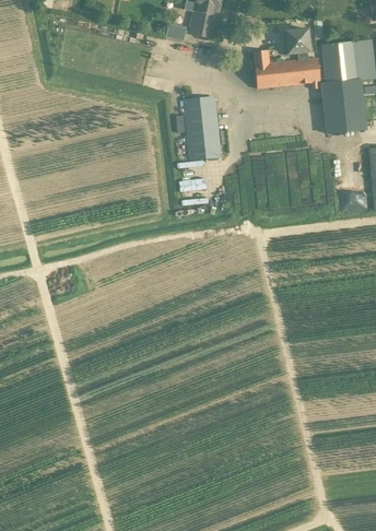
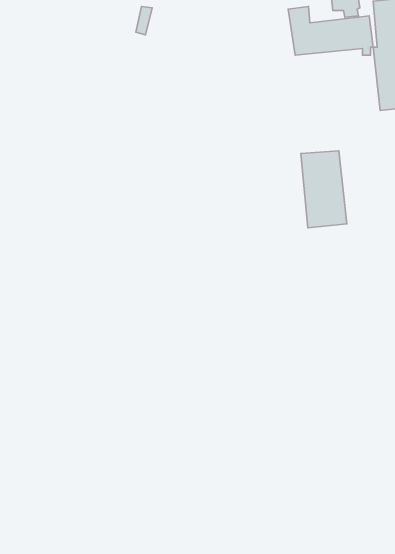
building: [184,96,221,158] -> [301,151,347,228]

